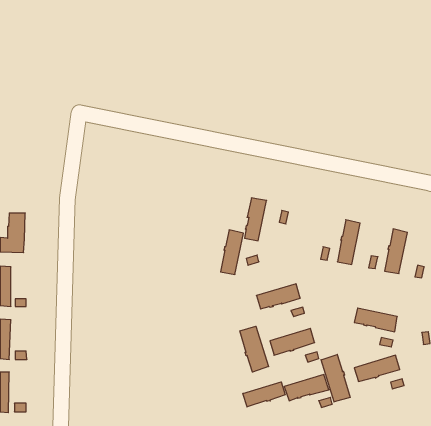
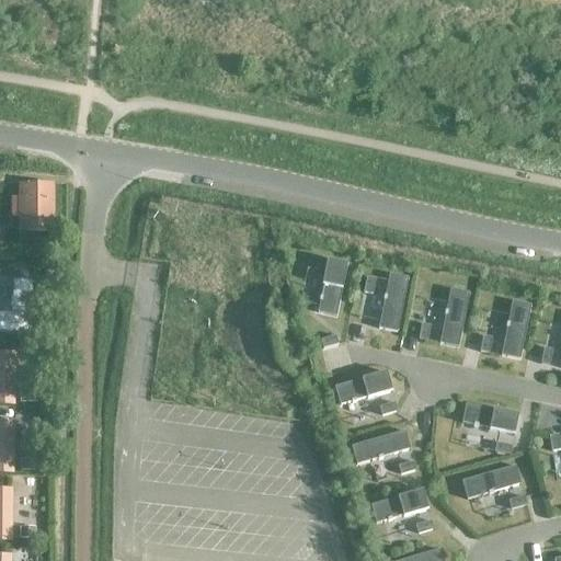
building: none -> [12,182,51,227]
building: [221,230,243,274] -> [377,271,407,329]
building: [240,326,269,372] -> none
building: [321,354,350,402] -> none
building: [243,382,285,407] -> none

